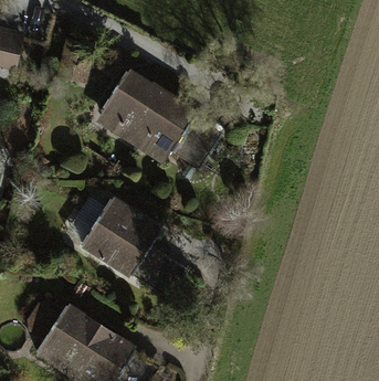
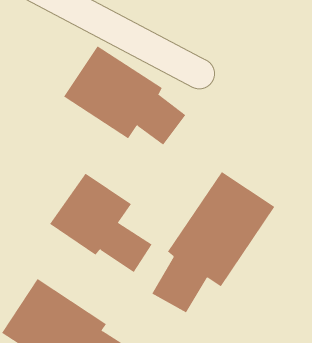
building: none -> [151,171,275,313]

